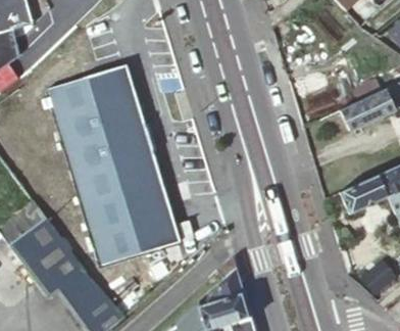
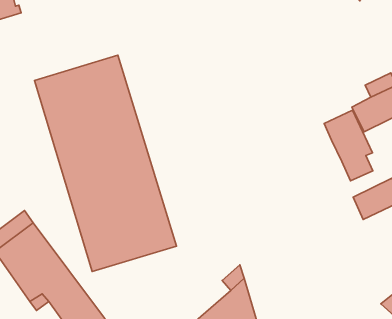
building: none -> [324,110,373,181]

